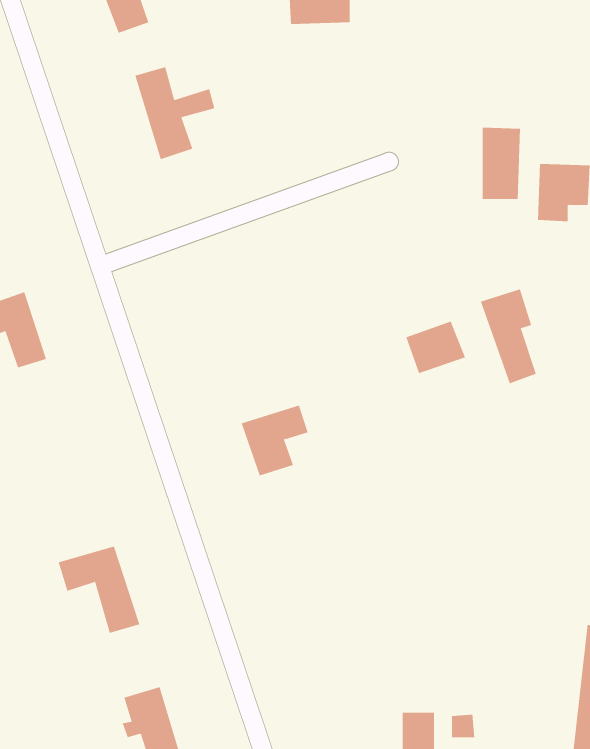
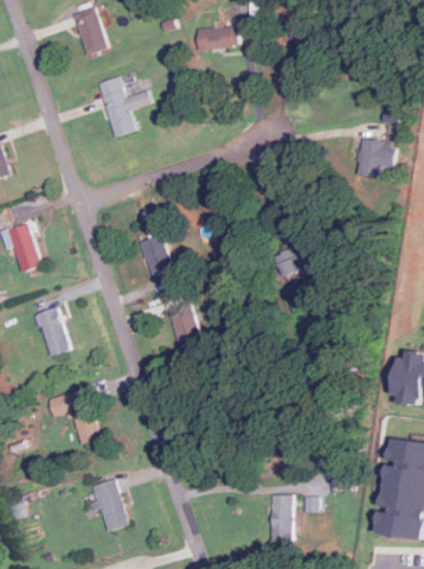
building: [482,127,521,200] -> none
building: [480,289,536,384] -> none
building: none -> [139,234,173,275]
building: none -> [34,306,70,356]

